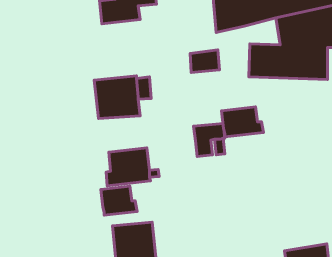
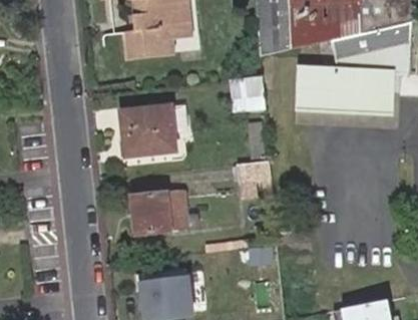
building: [222,107,263,137] -> none
building: [101,186,137,215] -> none

